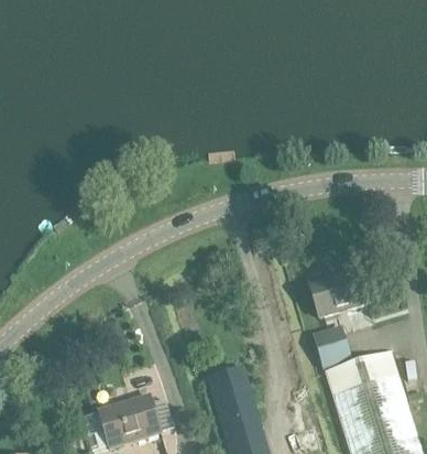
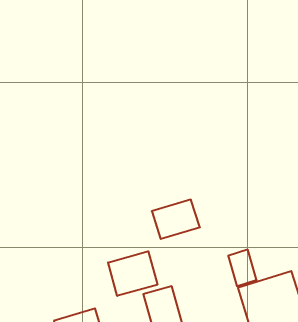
building: [309,269,369,317] -> [152,200,200,239]
building: none -> [108,251,157,296]

